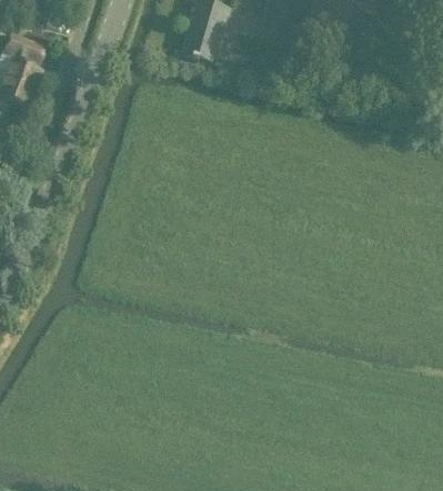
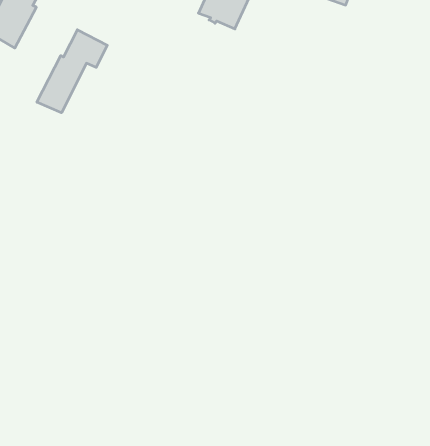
building: none -> [37,30,107,113]

